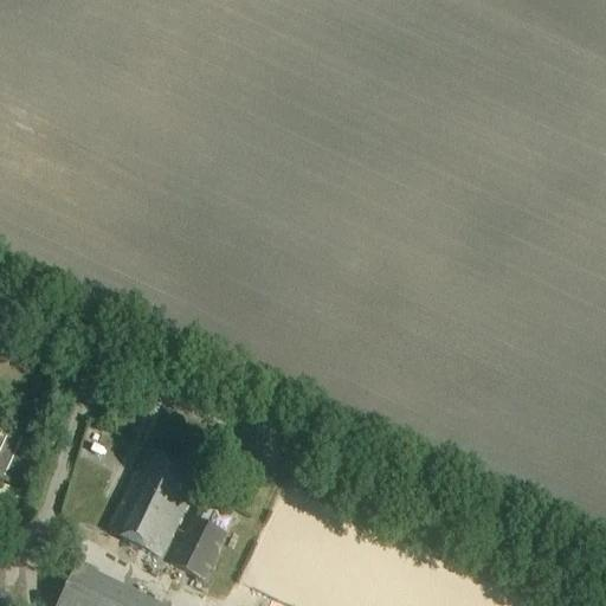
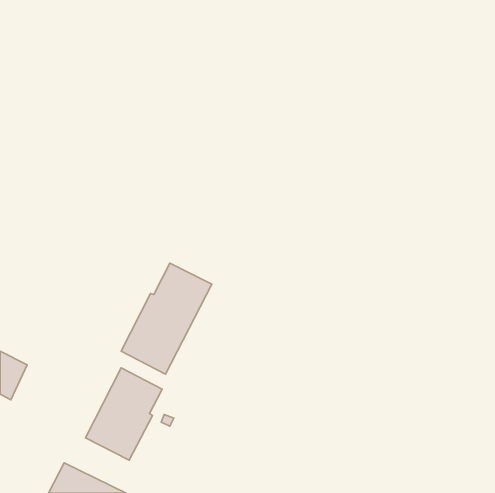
building: none -> [121,263,212,374]
building: [169,516,227,580] -> none

